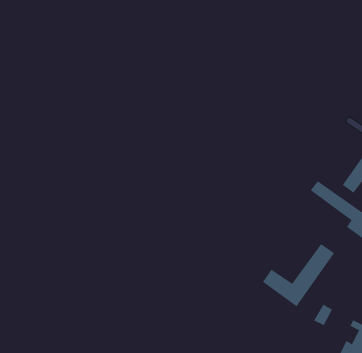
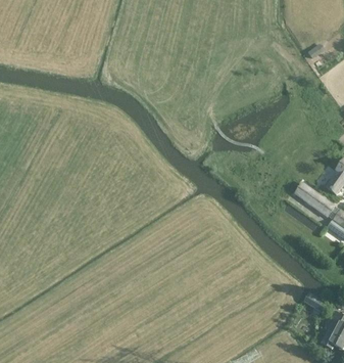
building: [262,243,335,307] -> none

